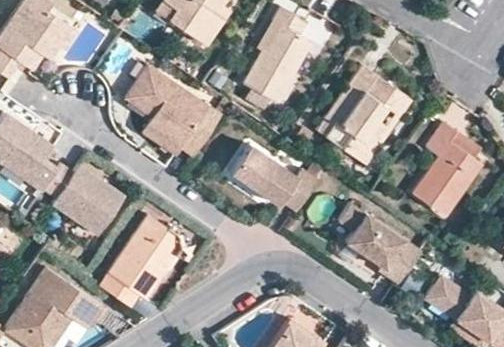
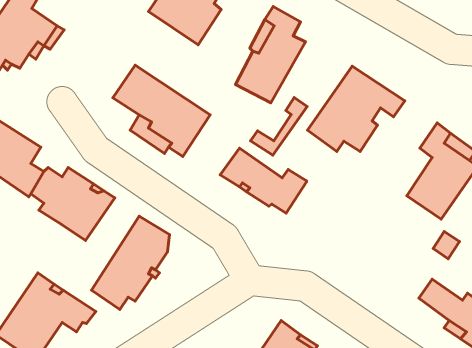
building: [345,107,401,164] -> [250,97,307,155]
building: [333,203,418,282] -> none

